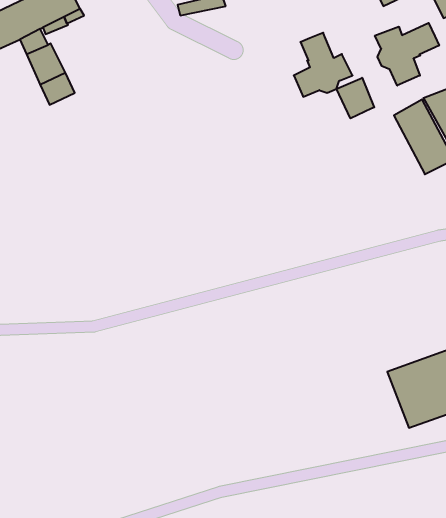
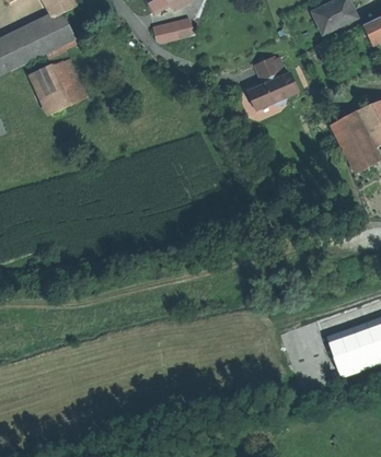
building: [375,23,439,86] -> none
building: none -> [50,60,86,105]
building: [337,78,374,118] -> none

